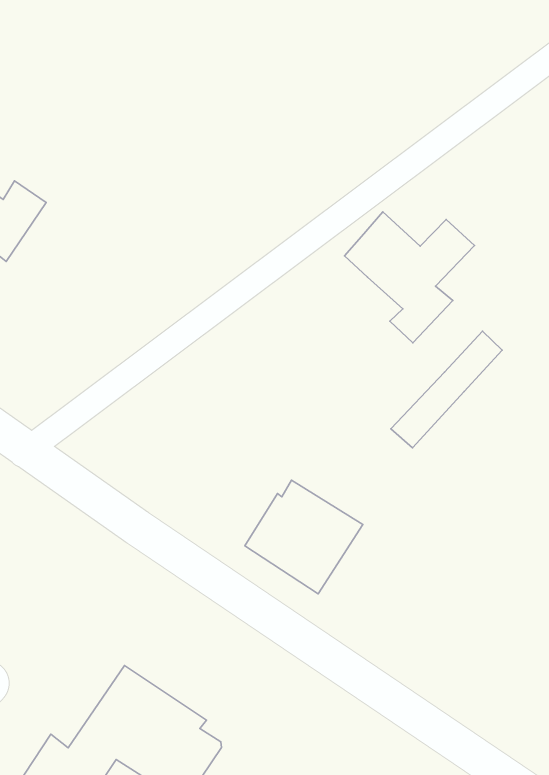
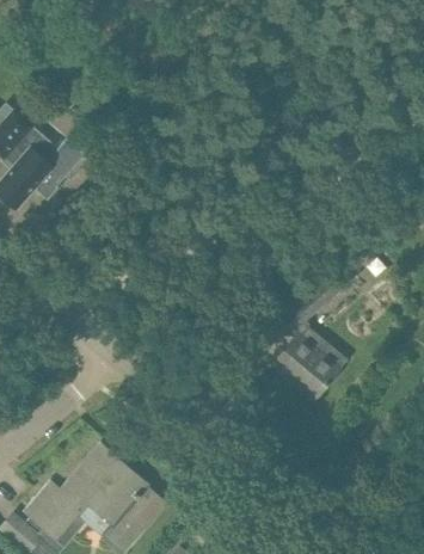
building: [344,212,474,343] -> none
building: [245,480,363,594] -> [272,328,346,400]

